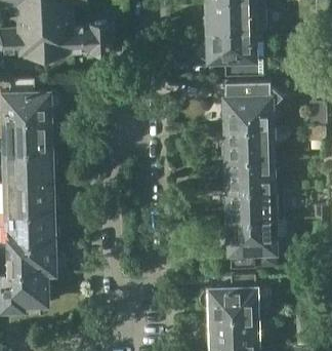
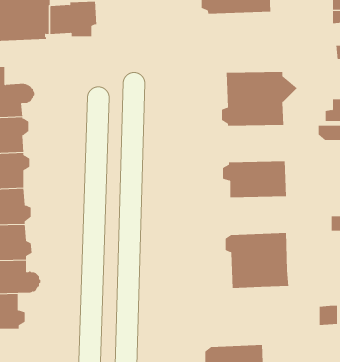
building: [198,32,264,76] -> none
building: [221,129,276,161] -> none
building: [222,191,287,224] -> none
building: [200,275,256,320] -> none

